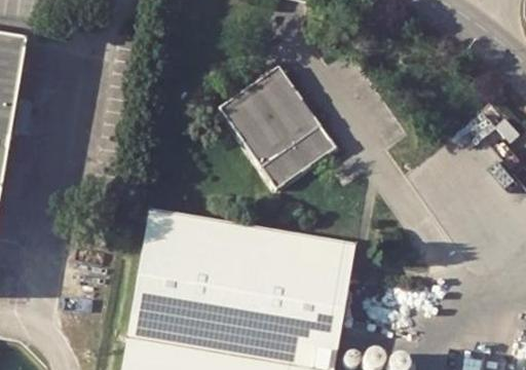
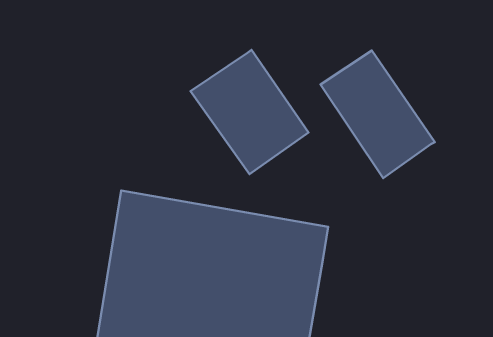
building: none -> [321,50,435,178]

